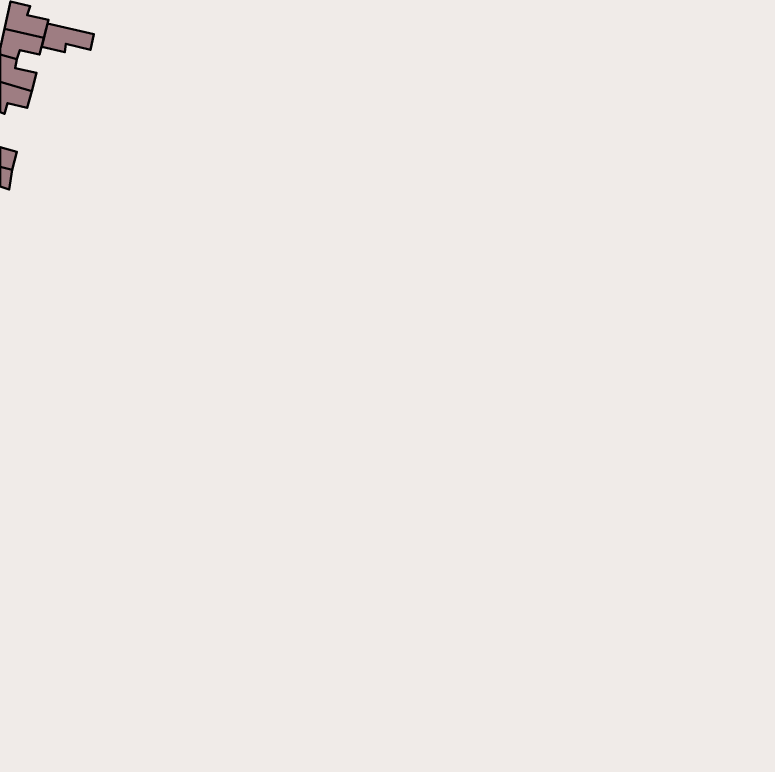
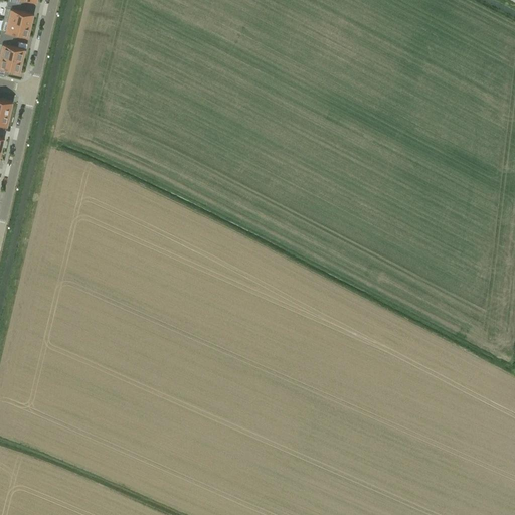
building: [42,23,94,52] -> none

